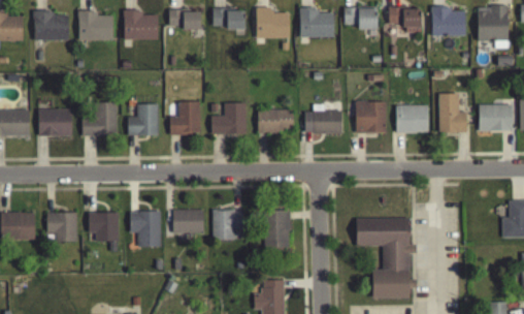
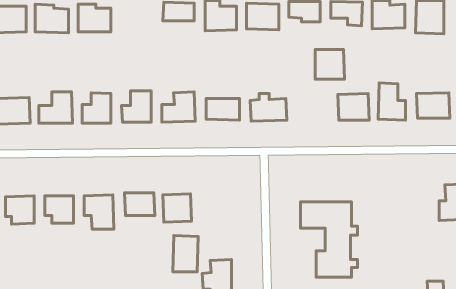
building: [169,10,201,28] -> none
building: [356,101,387,132] -> [315,50,345,79]
building: [264,210,291,248] -> [173,236,198,272]

